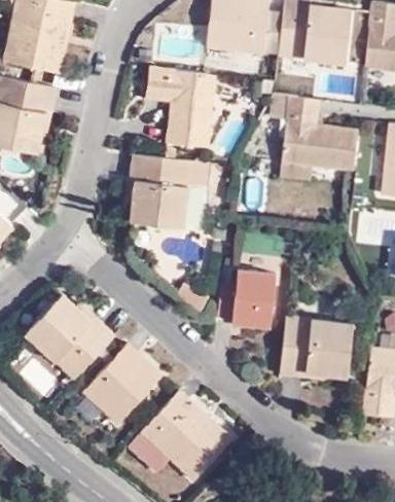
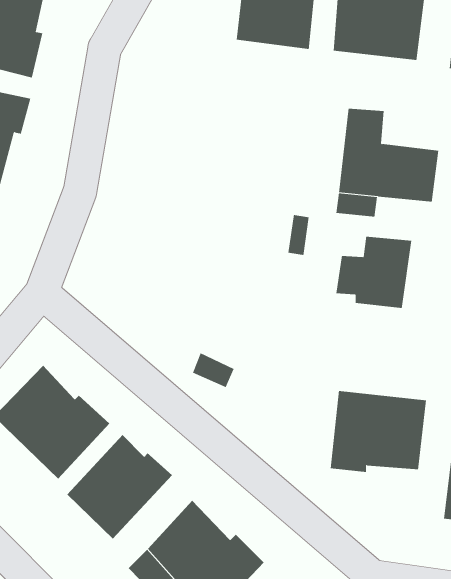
building: [146,68,218,149] -> none
building: [130,155,205,228] -> none
building: [215,270,273,324] -> [336,236,412,309]

